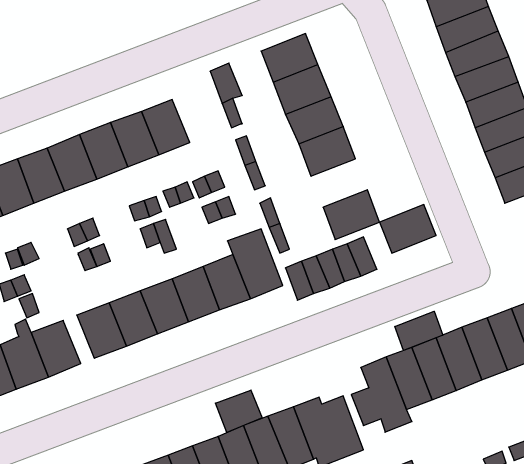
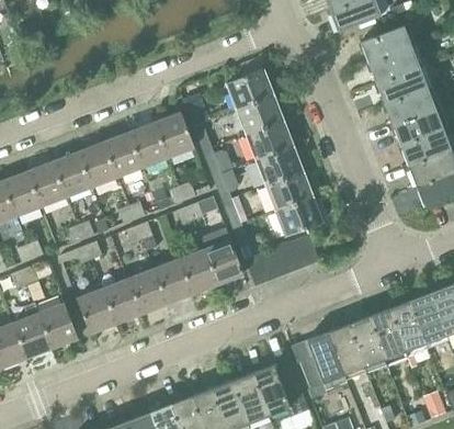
building: none -> [154,112,194,158]
building: [380,205,436,253] -> [266,171,313,211]
building: [395,311,443,350] -> none
building: [215,390,262,433] -> none

